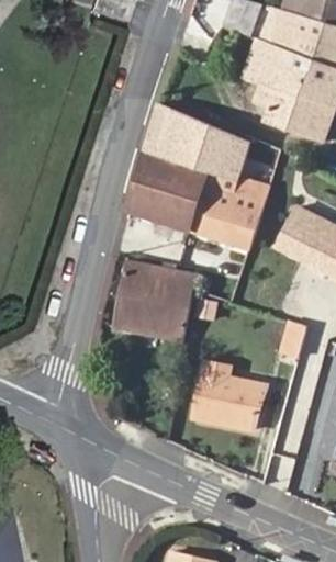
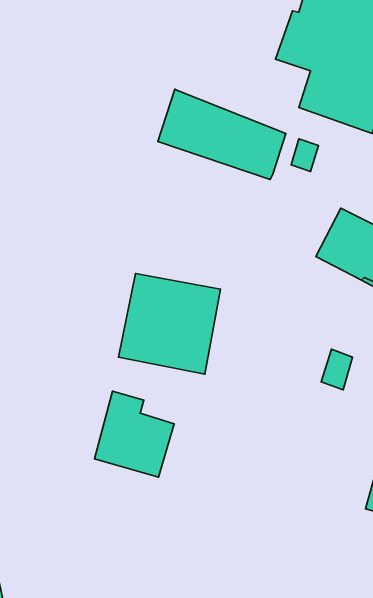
building: [123,148,269,251] -> none
building: [195,360,262,432] -> [94,391,174,477]

